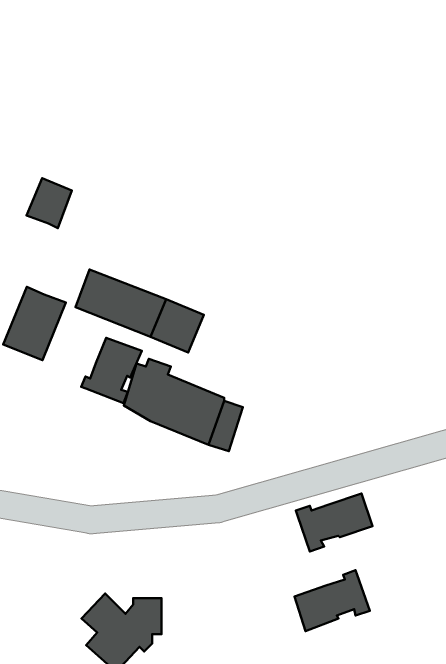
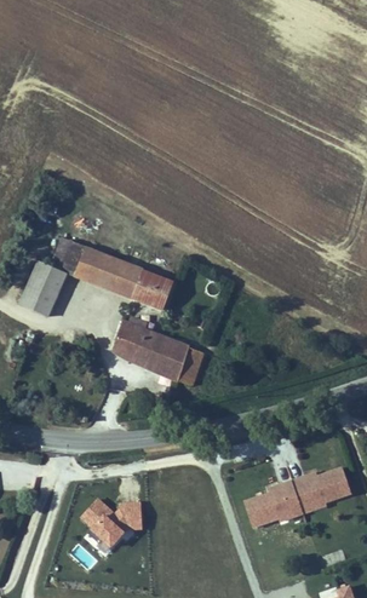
building: [27,178,72,228] -> [51,237,86,276]
building: [81,338,142,403] -> none
building: [296,493,373,551] -> [292,466,351,511]

